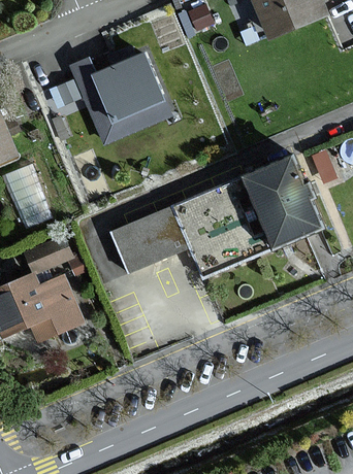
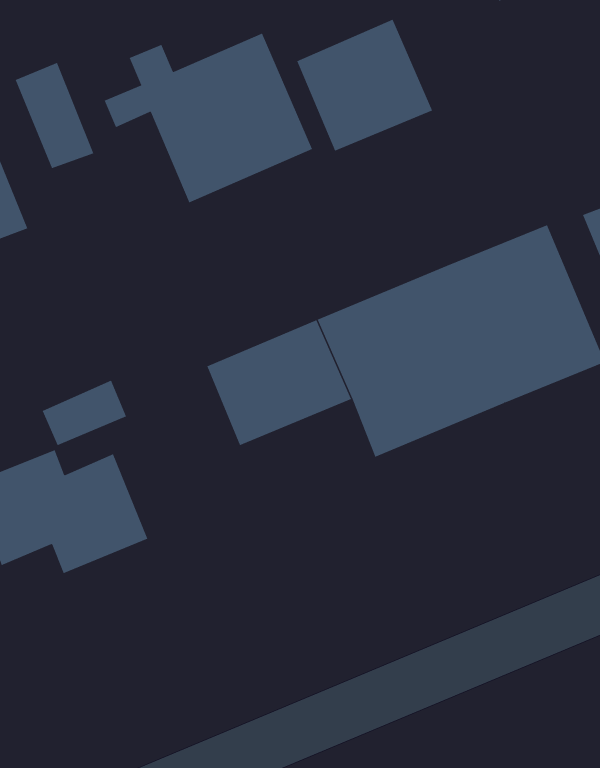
building: none -> [296,19,433,152]
building: [7,164,50,221] -> [15,62,94,169]

